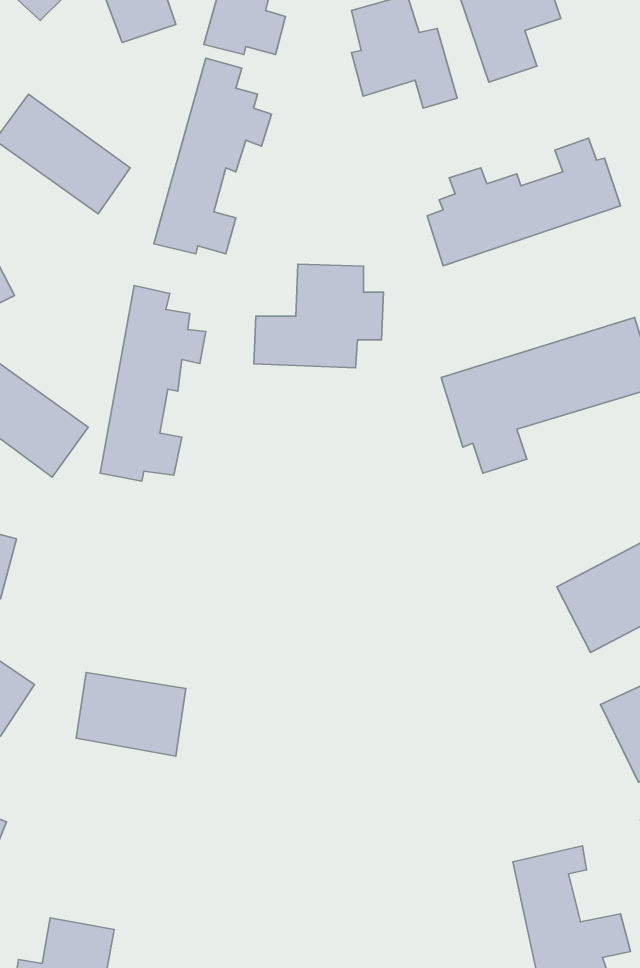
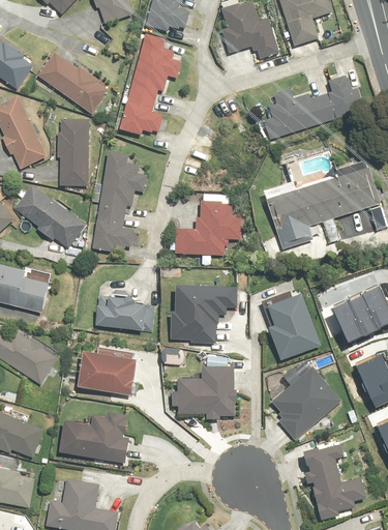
building: none -> [60,117,89,186]
building: [254,264,384,368] -> [174,201,241,255]
building: none -> [170,284,237,343]
building: none -> [269,293,321,357]
building: none -> [95,294,153,330]
building: none -> [173,365,237,416]
building: none -> [270,365,341,438]
building: none -> [60,411,127,462]

